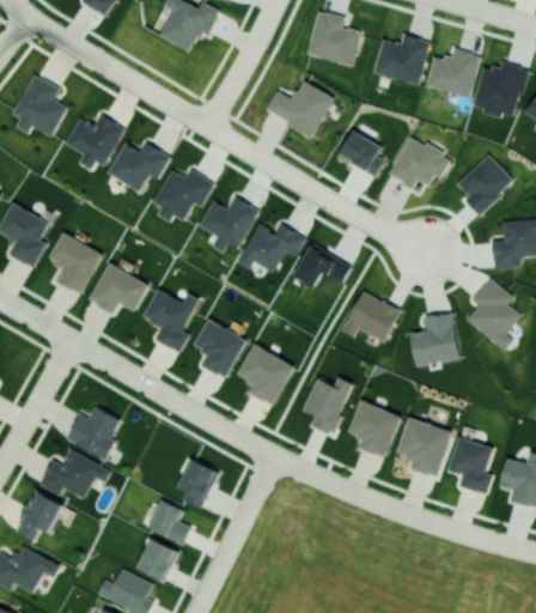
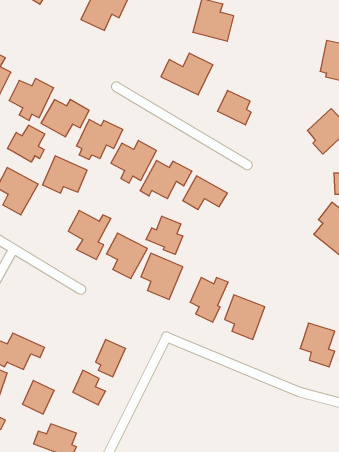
building: [373,35,430,85] -> none
building: [426,49,480,98] -> none
building: [389,136,451,188] -> none
building: none -> [7,125,45,162]
building: [90,263,148,312] -> [42,156,87,193]
building: [341,291,400,341] -> none
building: none -> [146,216,183,254]
building: [410,312,458,364] -> none
building: [66,406,120,460] -> none
building: [396,417,451,478] -> none
building: [136,538,178,582] -> [22,380,54,414]

